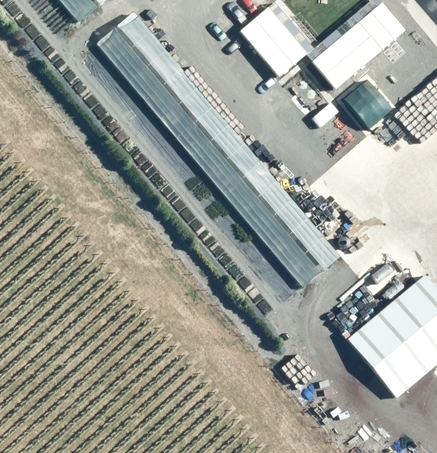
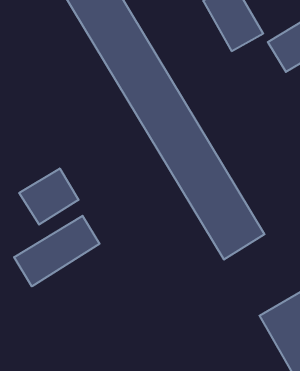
building: none -> [19,168,79,225]
building: none -> [14,216,100,286]

